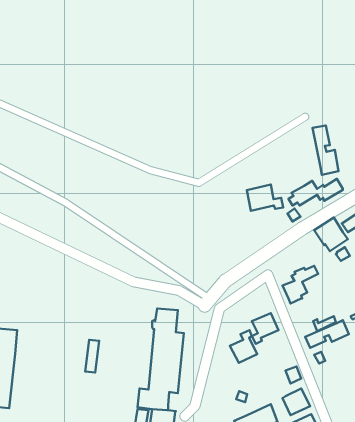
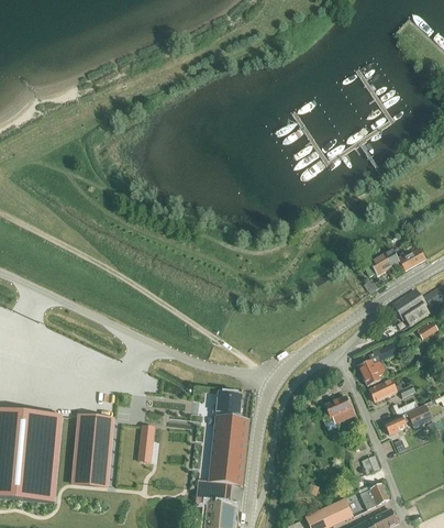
building: [312,125,339,175] -> none
building: [247,184,283,211] -> none
building: none -> [369,378,415,402]
building: [230,330,257,363] -> none
building: none -> [71,416,113,487]

